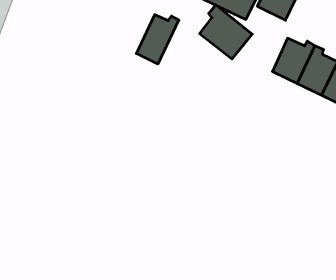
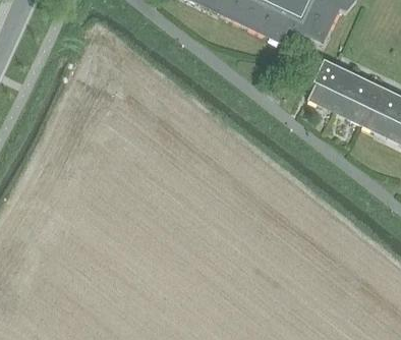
building: [200,5,252,59] -> none
building: [136,15,179,64] -> none

